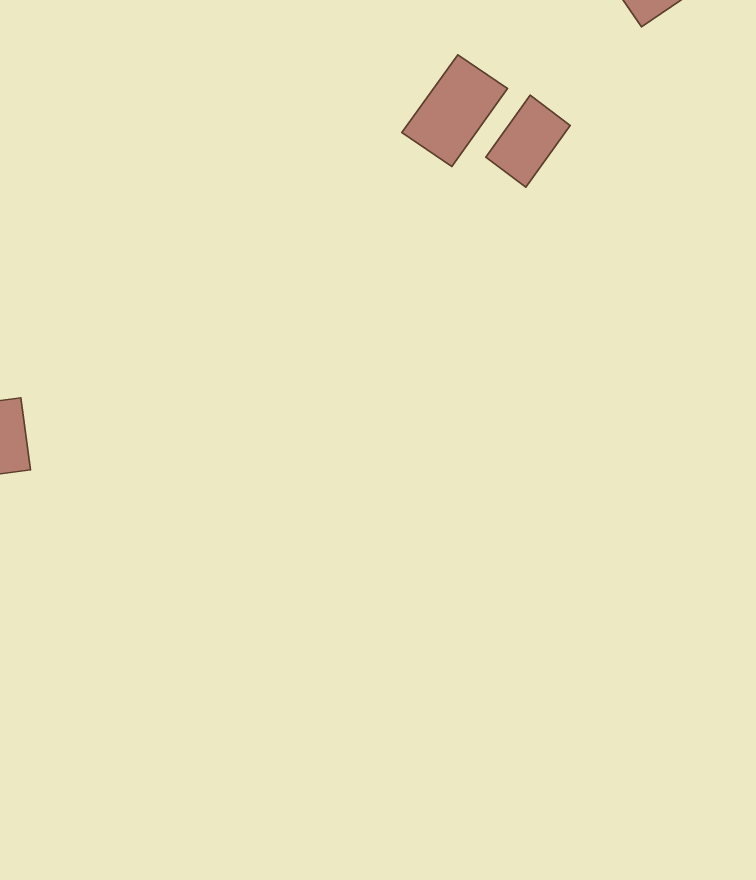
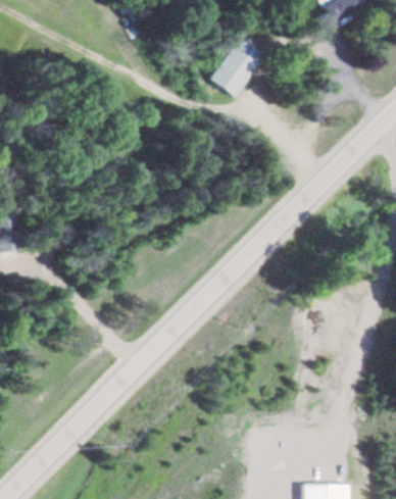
building: [486,95,570,187] -> none

